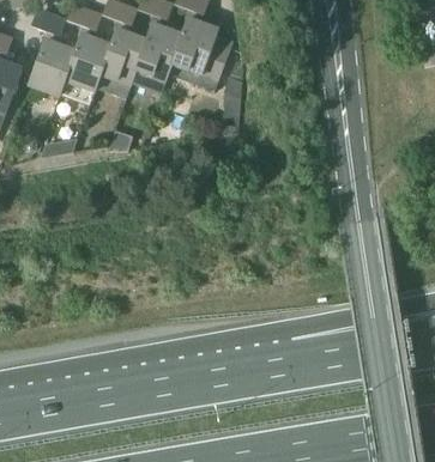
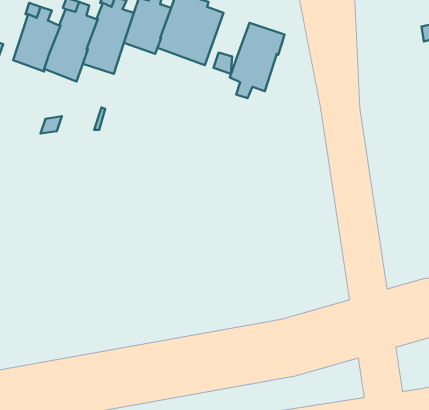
building: none -> [230,23,284,98]

